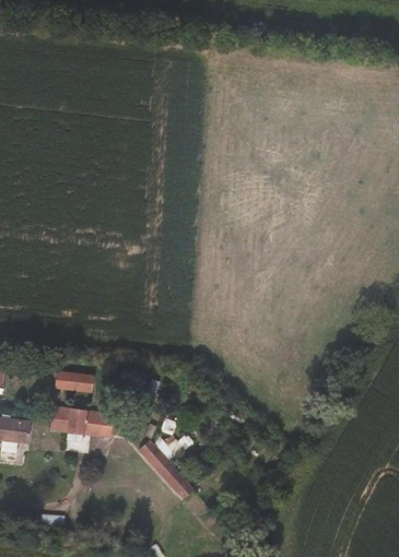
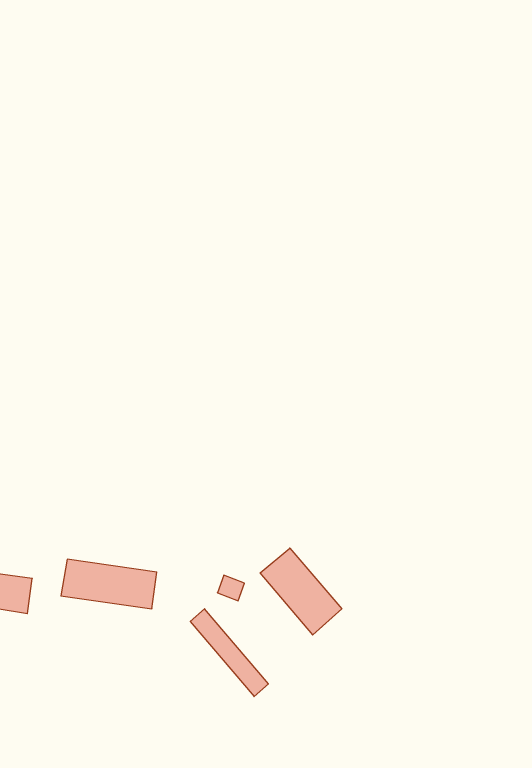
building: [56,370,97,394] -> none
building: none -> [260,548,342,635]

